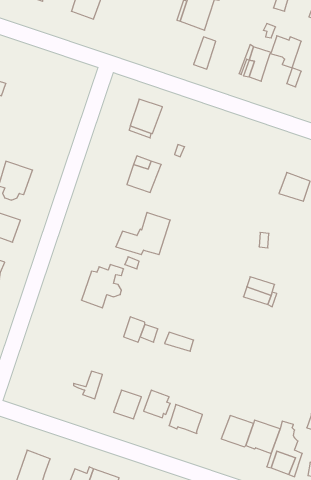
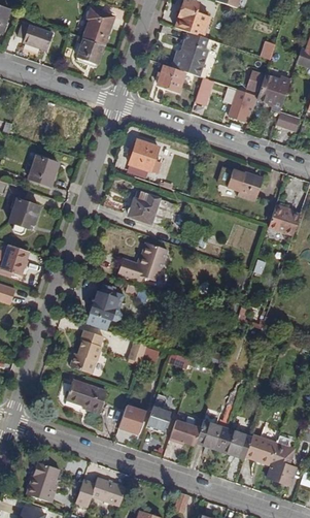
building: none -> [157,62,185,88]
building: none -> [33,156,64,188]
building: none -> [228,168,264,199]
building: none -> [68,330,102,375]
building: none -> [64,381,95,406]
building: none -> [193,423,223,453]

